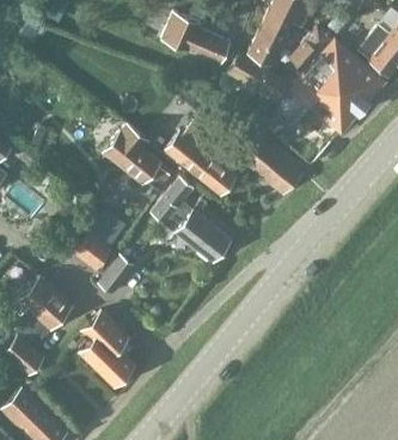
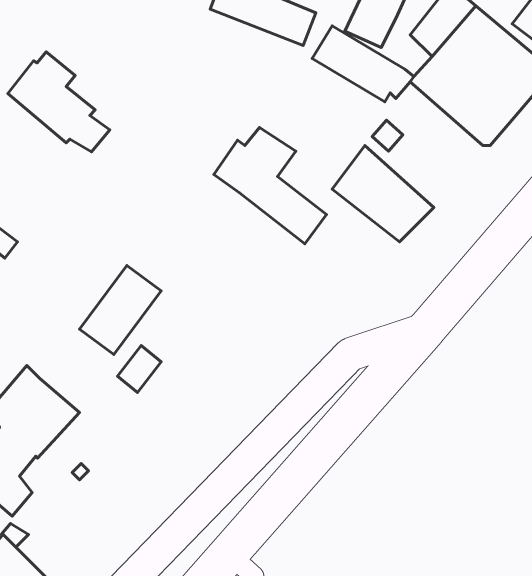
building: [102,123,169,189] -> [8,52,110,152]
building: [151,176,231,262] -> none
building: [78,310,133,385] -> none

